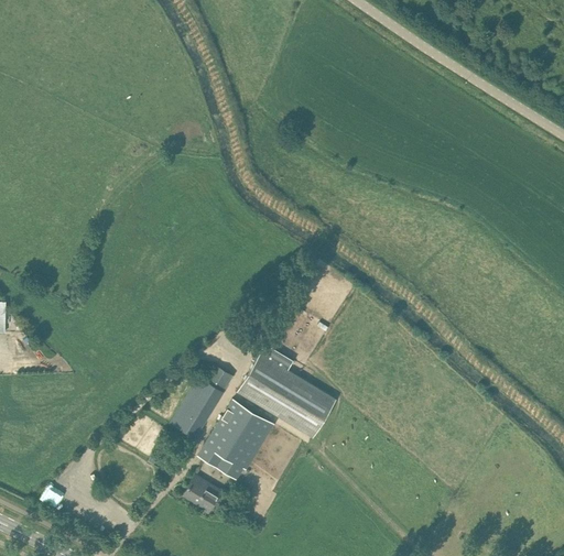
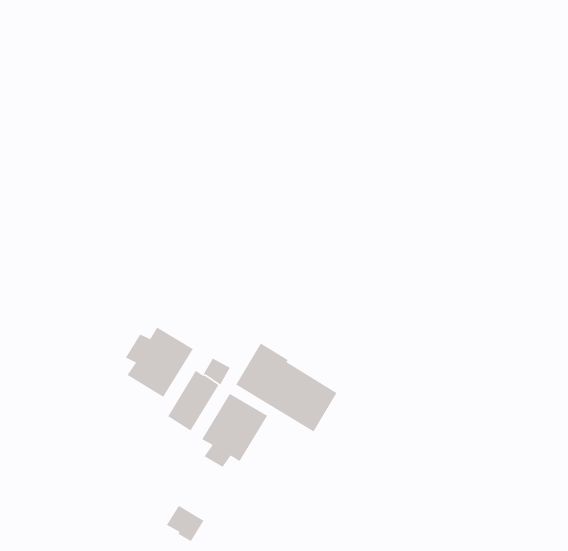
building: none -> [125,327,194,398]
building: [184,476,221,512] -> [166,505,205,542]

